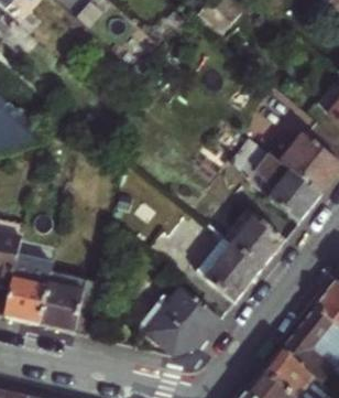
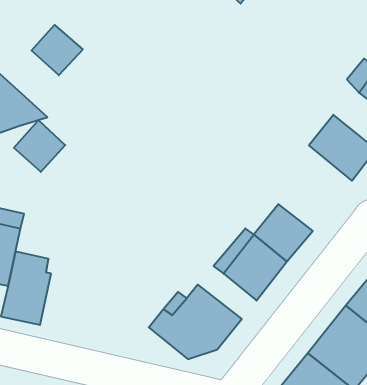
building: none -> [32,25,83,75]
building: none -> [14,120,65,172]
building: [255,152,319,220] -> none
building: [39,272,96,333] -> none

